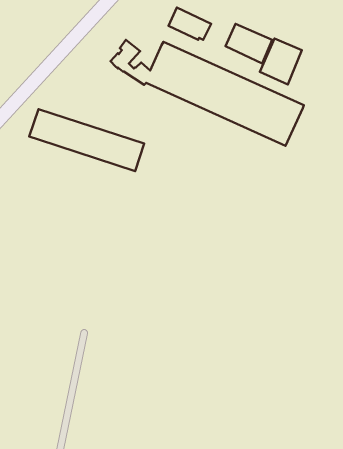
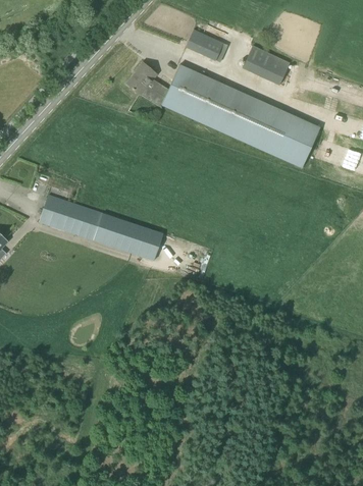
building: [260,38,302,84] -> none
building: [29,109,144,171] -> [40,195,155,257]

